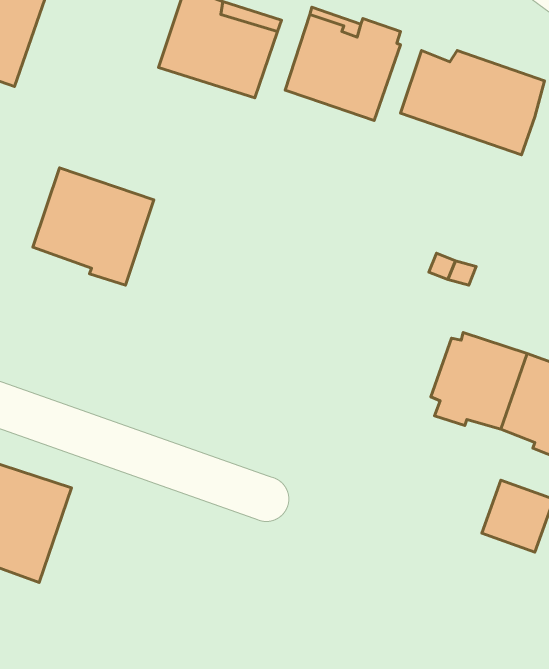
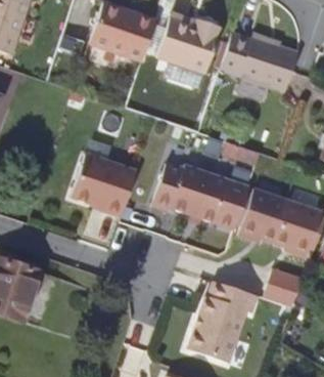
building: [33,168,154,285] -> [72,153,137,216]
building: none -> [152,163,229,222]
building: none -> [188,280,258,362]

